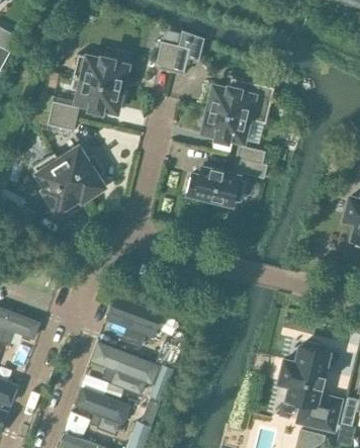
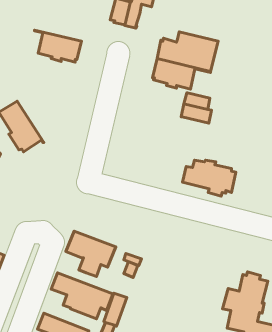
building: [73,55,128,89] -> none
building: [48,101,79,131] -> none
building: [54,148,105,200] -> none
building: [187,168,246,207] -> [183,160,236,196]

